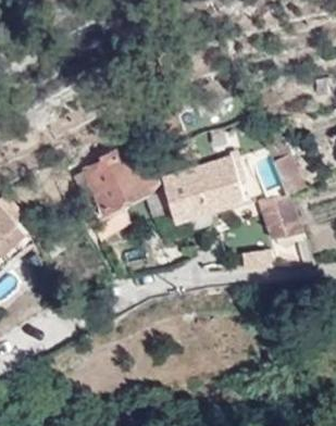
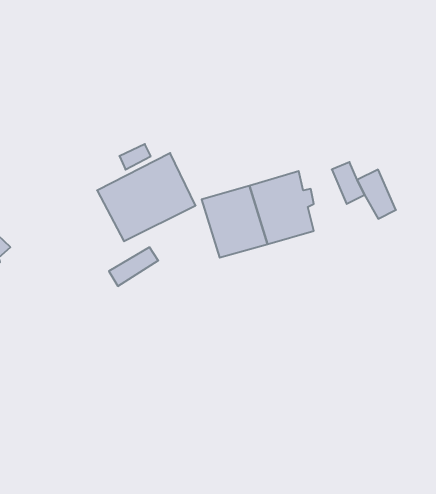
building: [259,198,303,240] -> none

